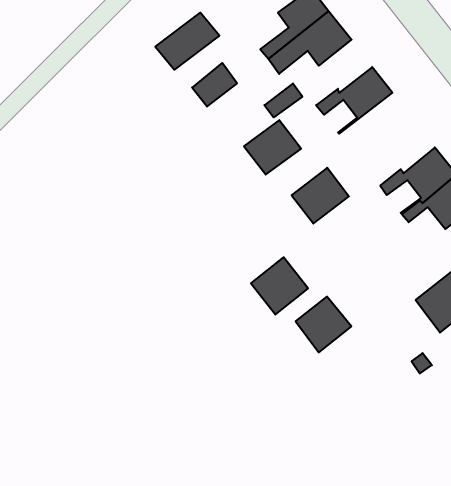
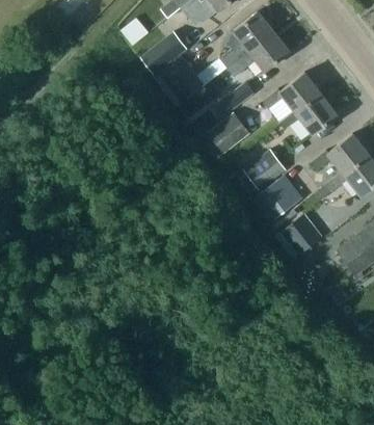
building: none -> [279,91,338,134]
building: [251,257,308,315] -> [251,180,295,223]
building: [296,297,351,352] -> [280,213,323,256]

